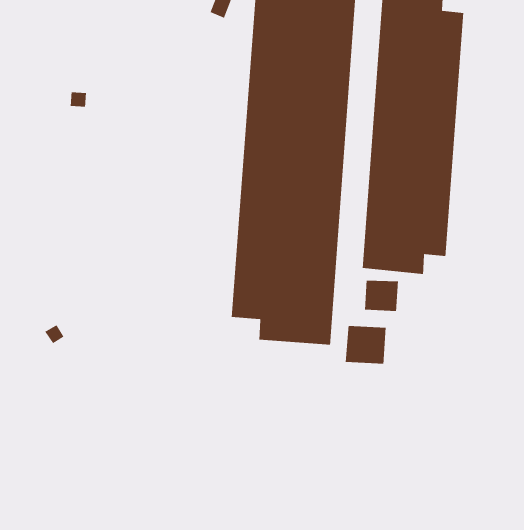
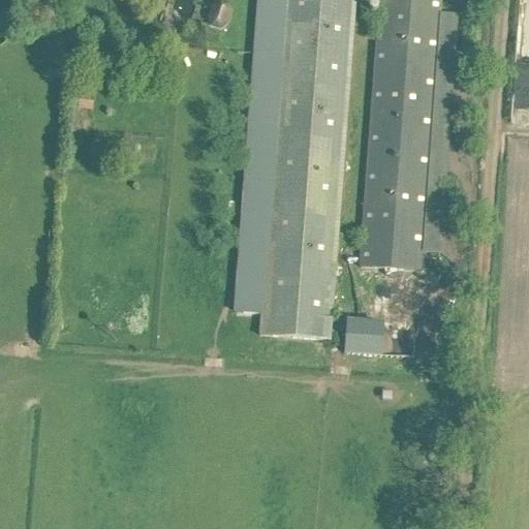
building: [364,280,399,312] -> none

